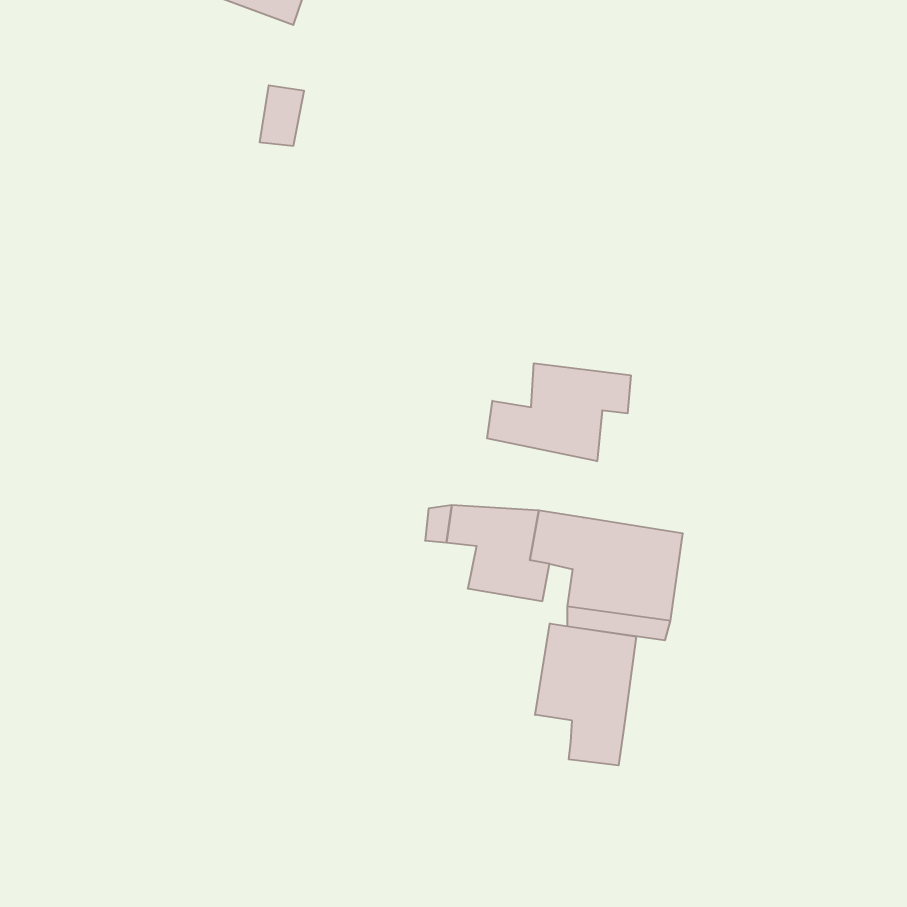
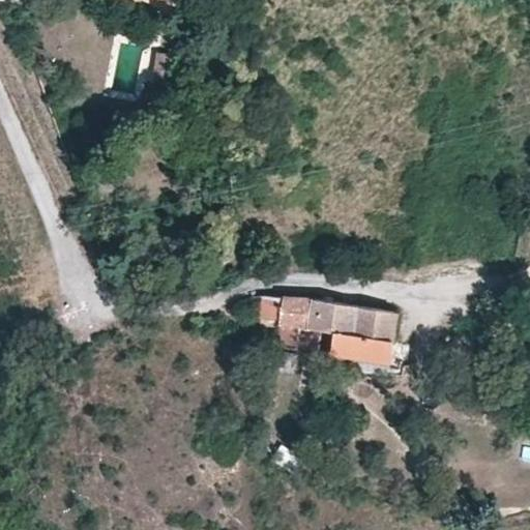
building: [487,363,631,461] -> none
building: [535,623,636,765] -> none

